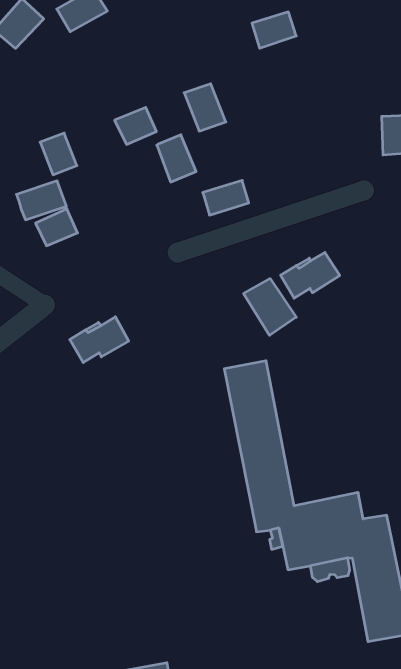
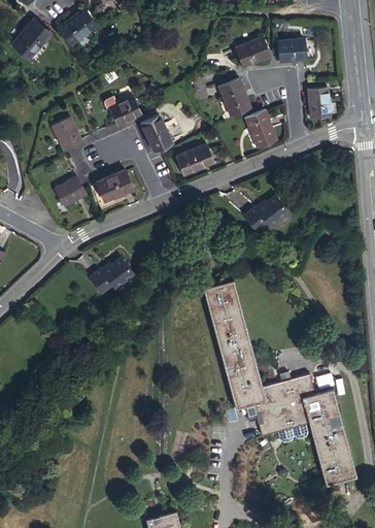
building: [252,12,296,48] -> [236,37,270,66]
building: none -> [277,38,306,62]
building: [184,84,226,131] -> [218,78,251,114]
building: none -> [245,110,276,147]
building: [16,181,66,220] -> [95,170,133,201]
building: [244,279,296,335] -> none

